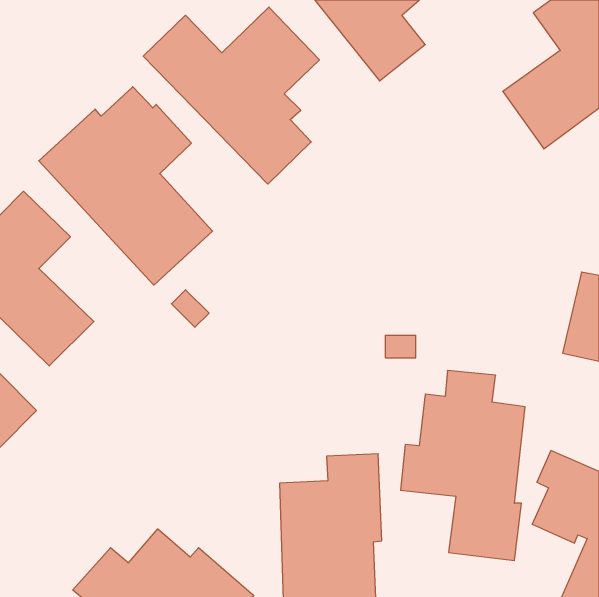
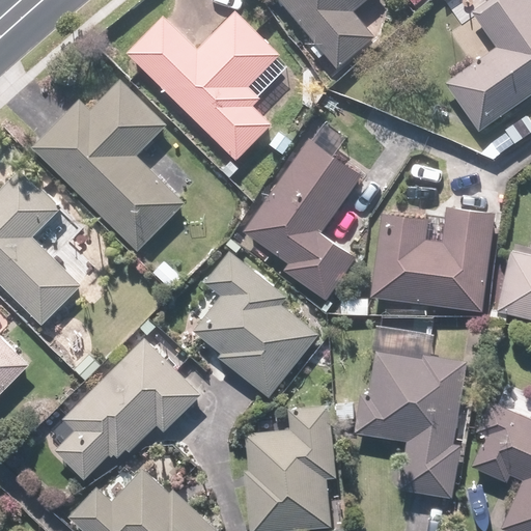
building: none -> [241,133,368,303]
building: none -> [370,206,499,313]
building: none -> [188,252,322,399]
building: none -> [50,338,204,482]

